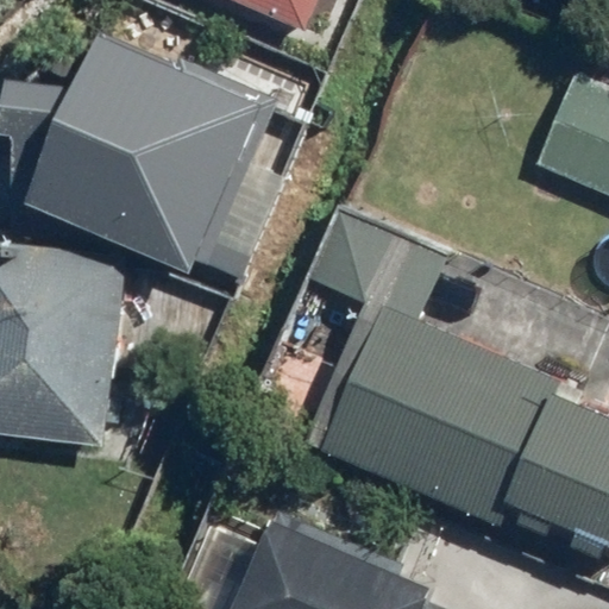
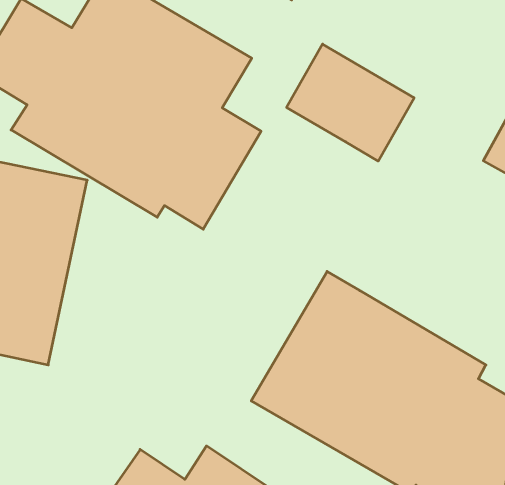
building: [318,211,450,325] -> [287,44,414,161]

